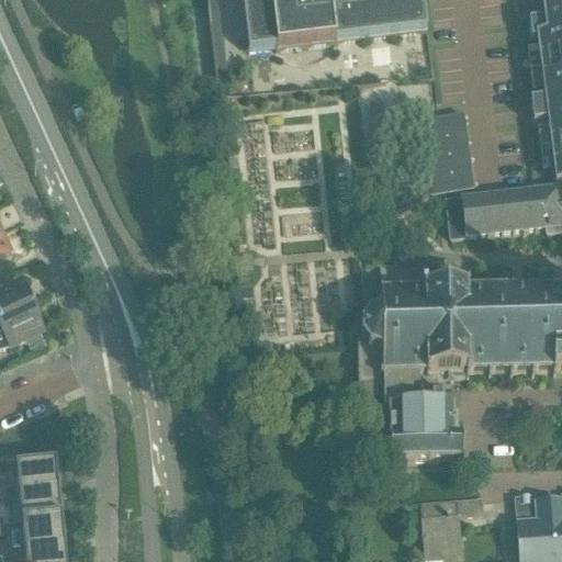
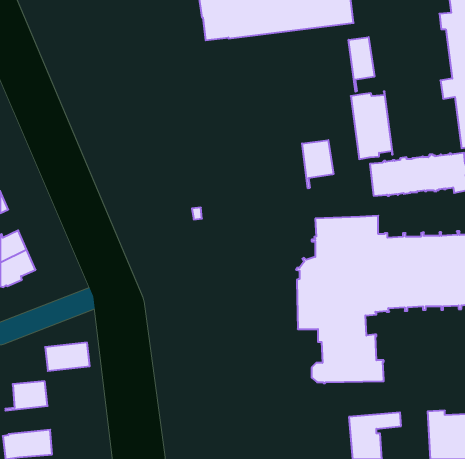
building: none -> [349,37,374,92]
building: none -> [302,140,334,188]
building: [9,487,63,521] -> [45,343,90,371]

